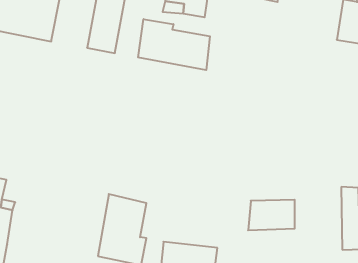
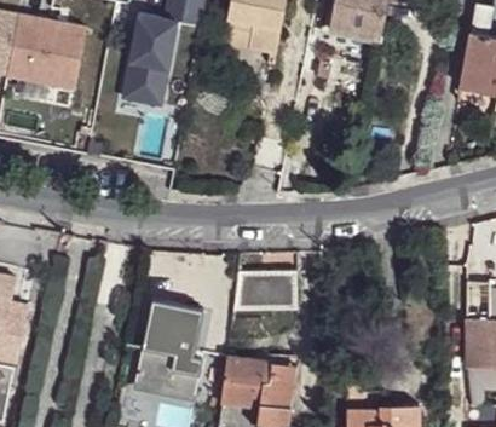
building: [138,19,210,70] -> none
building: [248,200,295,230] -> [233,270,296,311]

